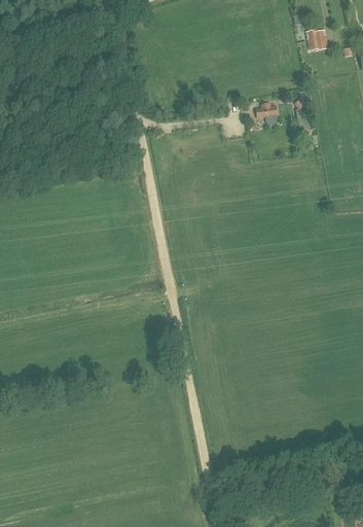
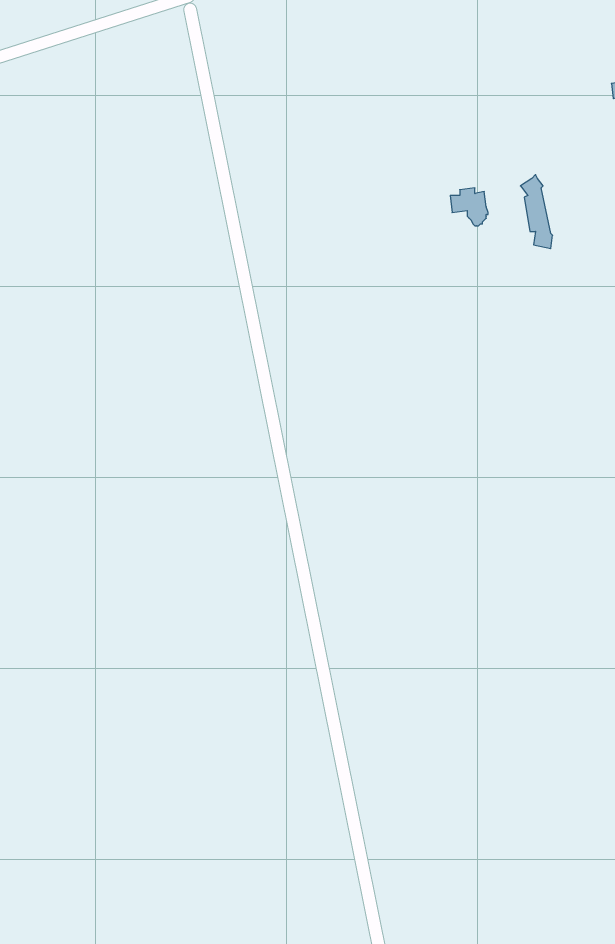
building: [304,29,328,51] -> none

